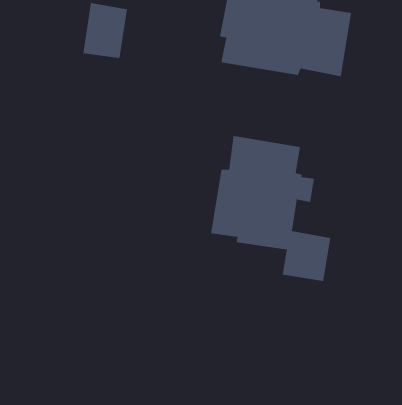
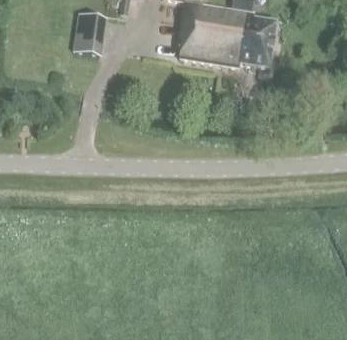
building: [211,135,331,282] -> none

